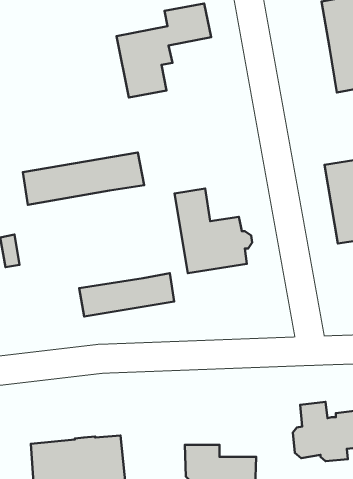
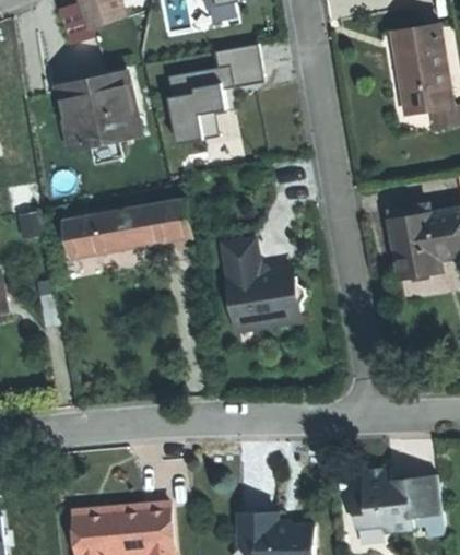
building: none -> [56,64,138,163]
building: [79,273,174,316] -> none

